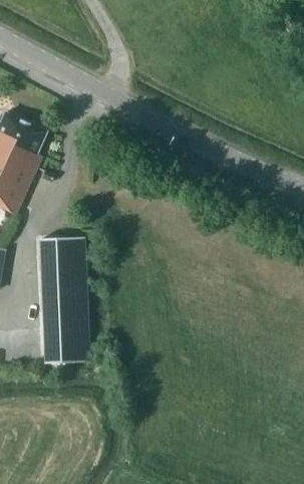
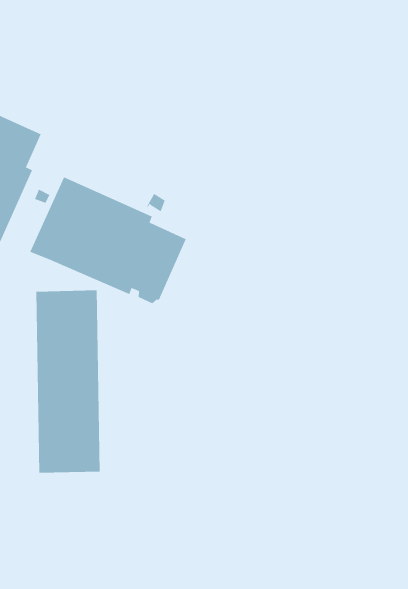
building: none -> [30,177,186,304]

